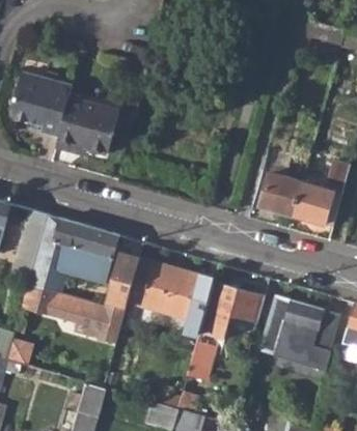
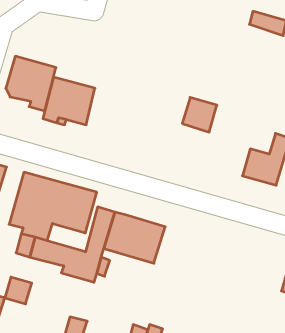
building: [260,173,302,214] -> [182,97,217,132]
building: [187,282,265,380] -> none
building: [259,295,339,370] -> none

